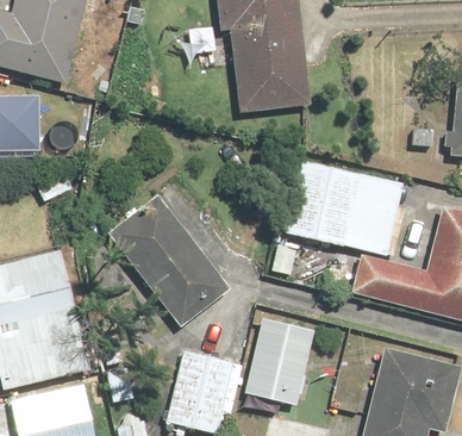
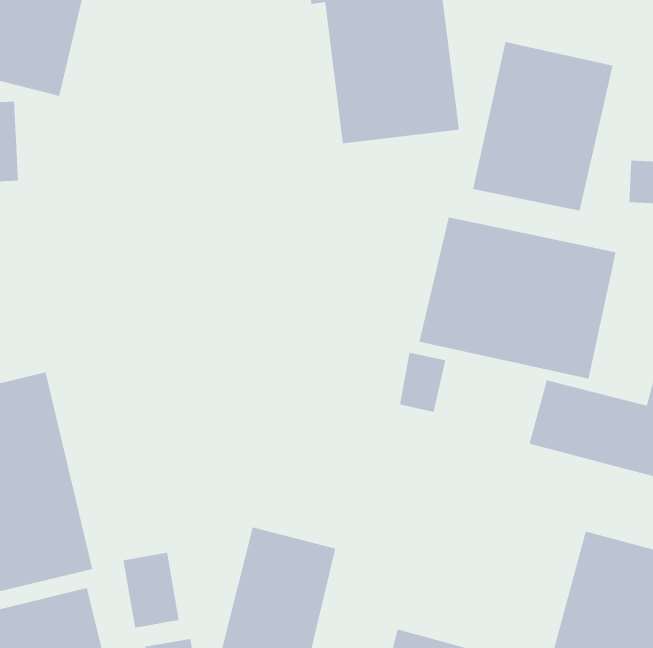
building: none -> [472,41,613,211]
building: [106,189,233,329] -> none
building: [244,317,316,405] -> none

